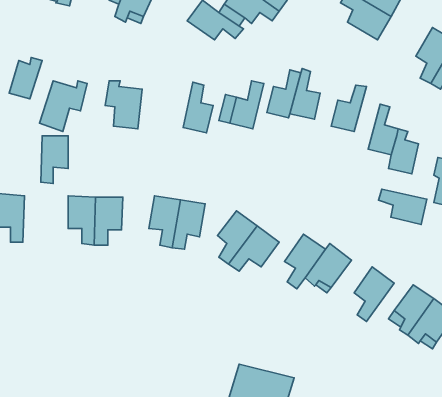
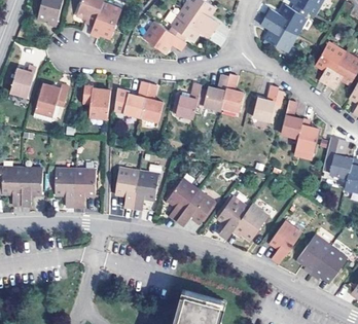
building: none -> [123,82,148,118]
building: [41,136,68,184] -> [21,170,41,206]
building: [379,189,427,224] -> none

